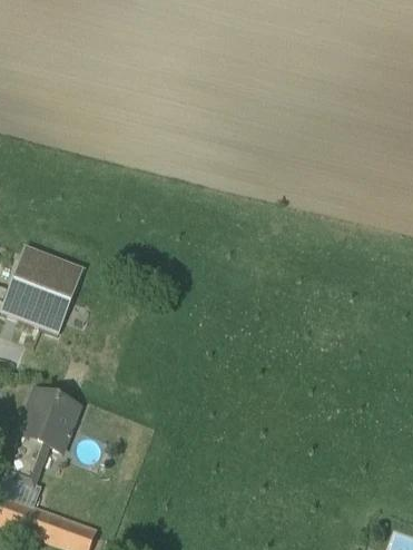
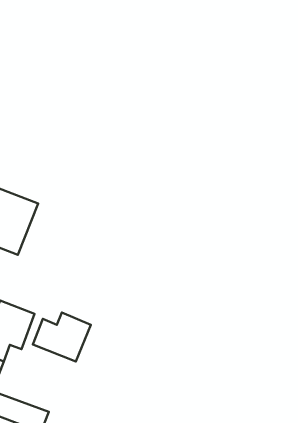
building: none -> [33,312,91,362]

